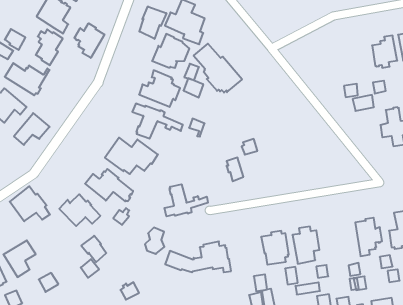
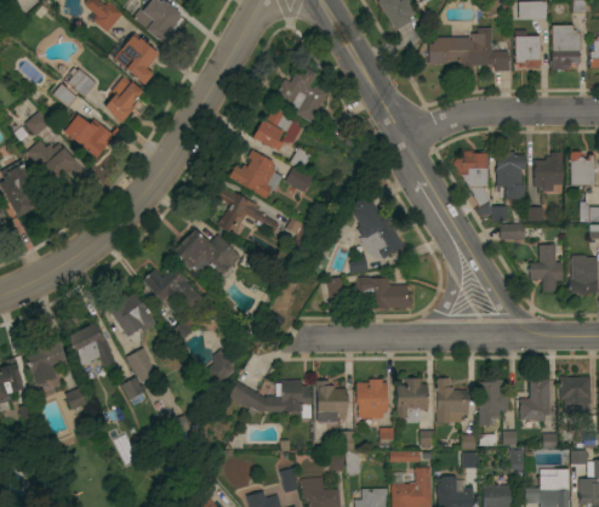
building: [139,6,166,39] -> none
building: [74,23,104,58] -> none
building: none -> [496,152,526,198]
building: [194,44,242,93] -> [348,194,405,260]
building: none -> [457,150,491,207]
building: [14,113,50,145] -> none
building: none -> [356,278,411,309]
building: [164,184,208,216] -> none
building: [10,186,50,221] -> [67,323,115,368]
building: none -> [437,378,469,423]
building: none -> [316,381,348,422]

